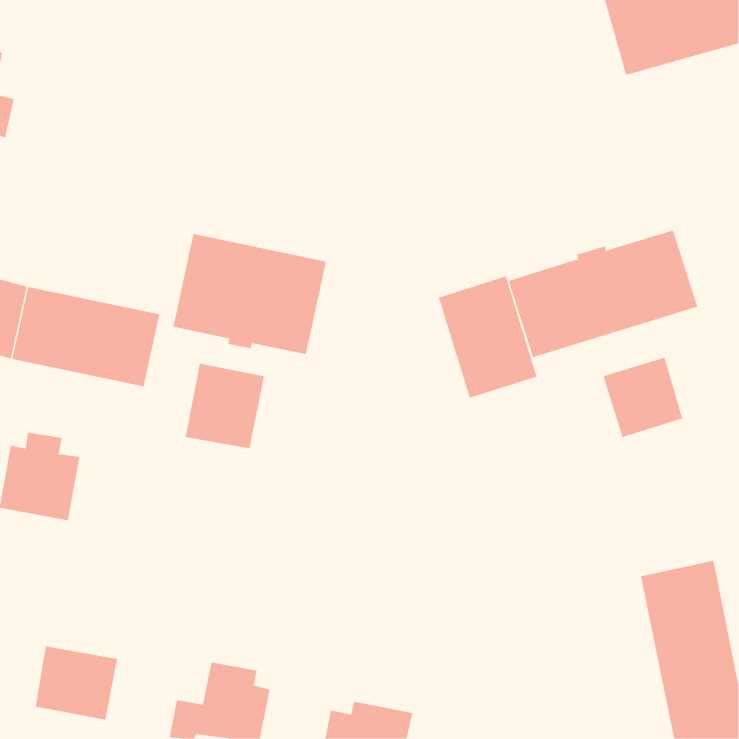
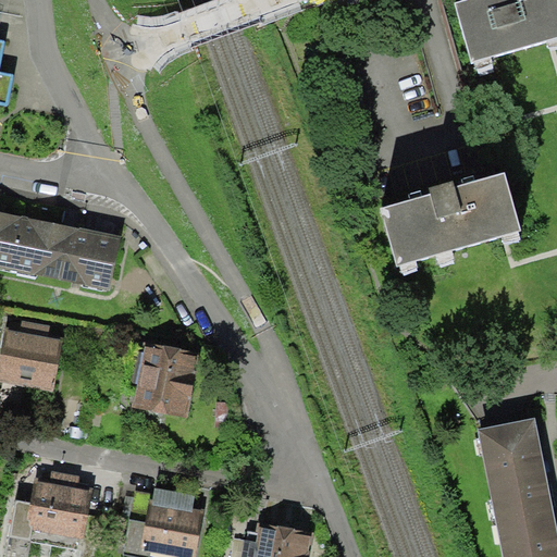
building: [173,233,327,355] -> none
building: [438,276,537,399] -> none
building: [603,357,683,438] -> none
building: [185,363,265,449] -> [132,350,191,414]

